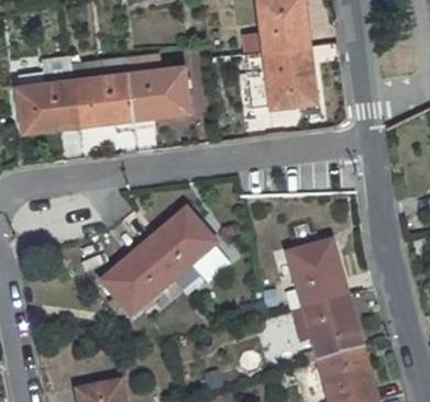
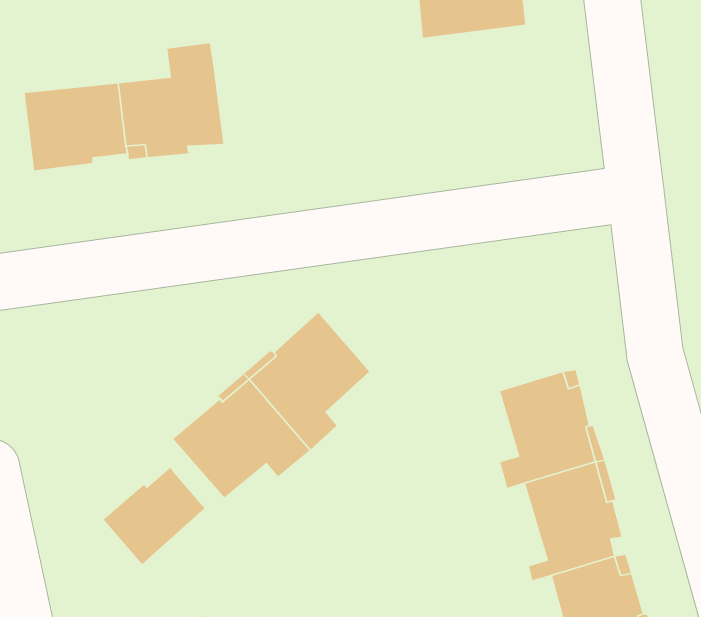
building: [242,46,316,110] -> none
building: [126,66,186,114] -> none
building: none -> [102,466,206,565]

